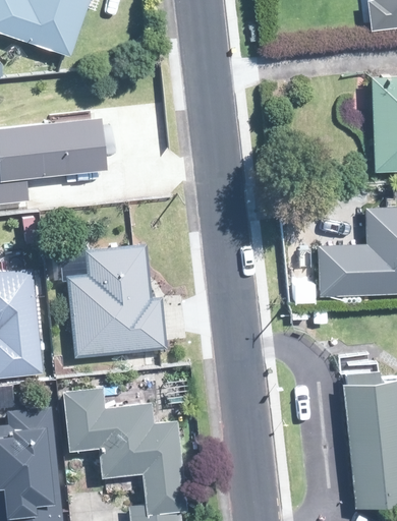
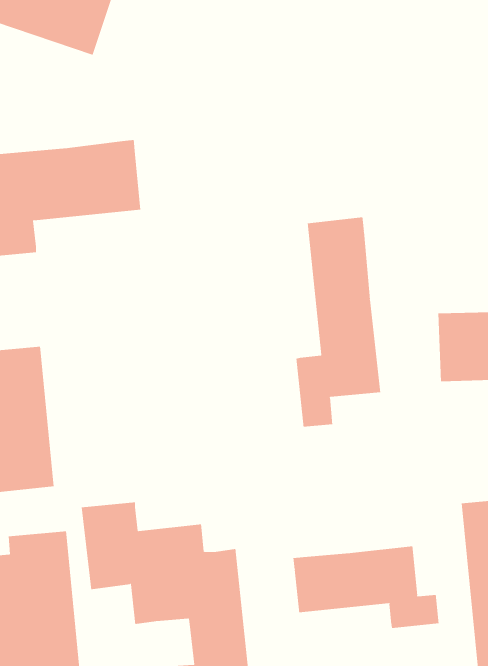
building: none -> [296,216,381,428]
building: [68,244,168,357] -> none
building: none -> [293,545,439,629]

